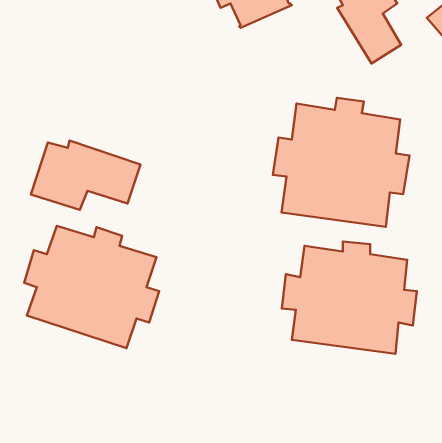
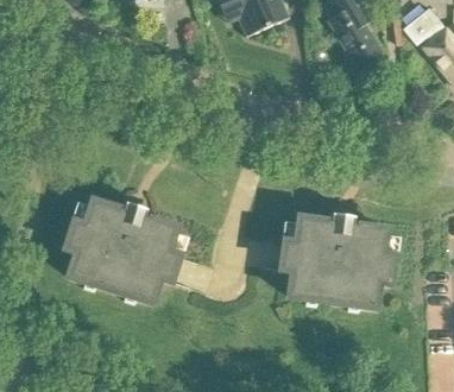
building: [273,98,409,227] -> none
building: [31,141,141,210] -> none

